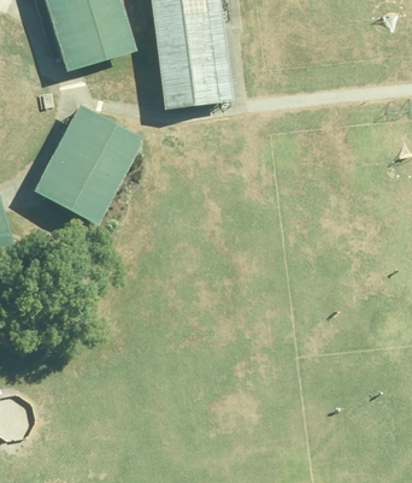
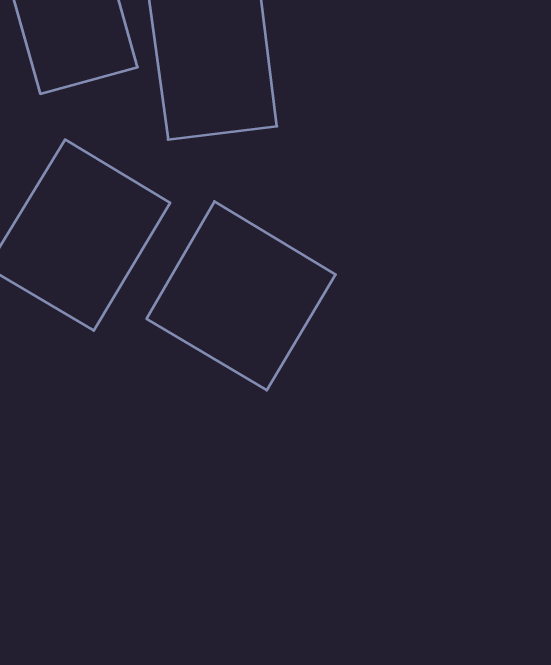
building: none -> [147,201,336,390]

